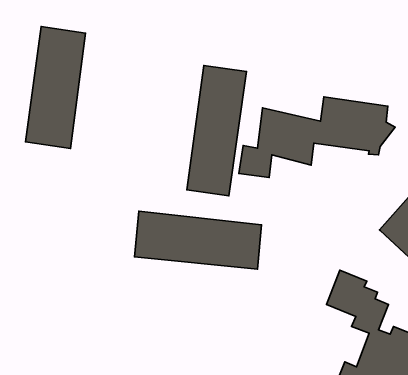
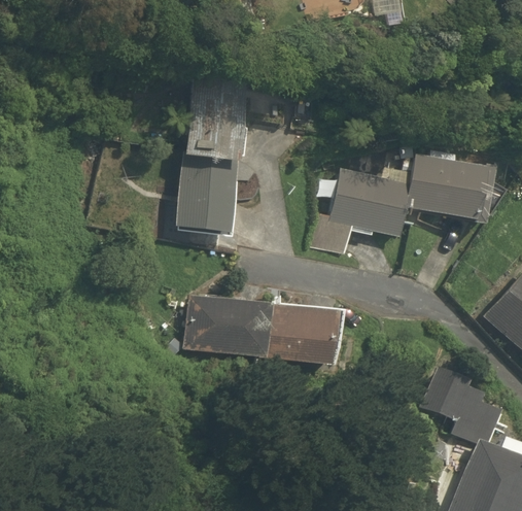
building: [25,27,86,148] -> none
building: [187,65,247,196] -> [176,73,249,233]

